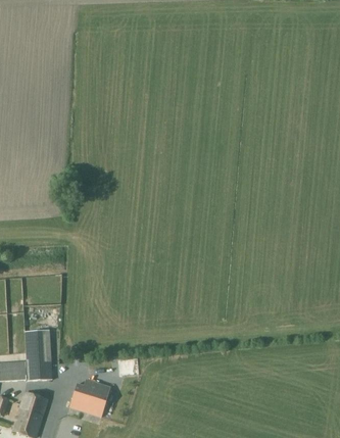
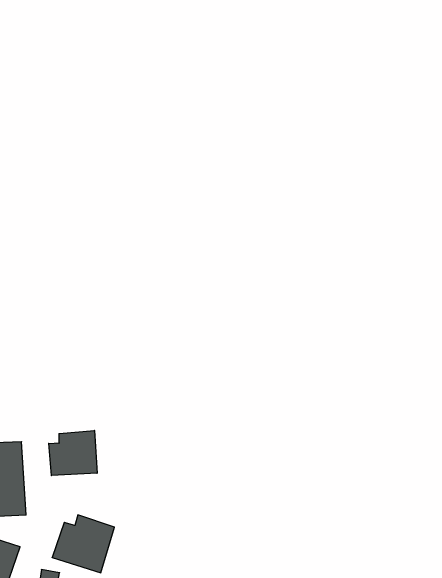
building: none -> [49,430,97,476]

